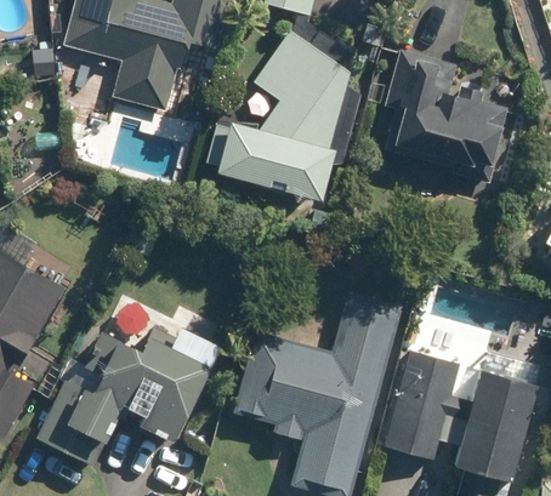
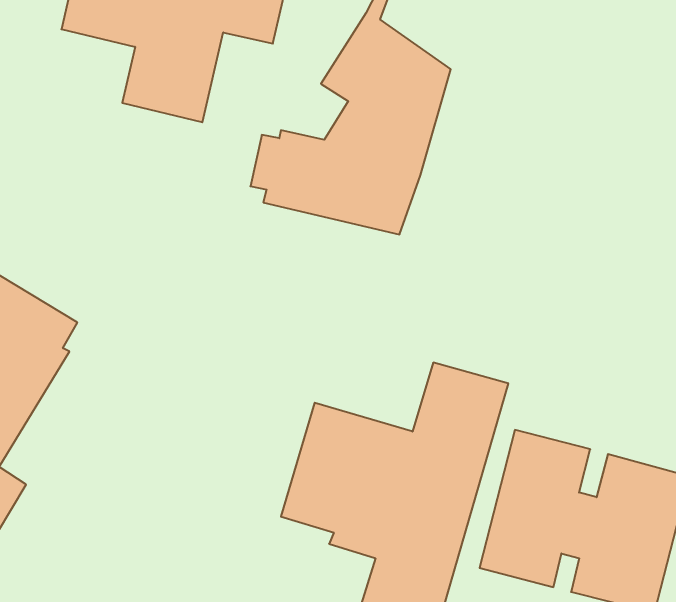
building: [381,47,515,187] -> none
building: [33,326,217,458] -> none

